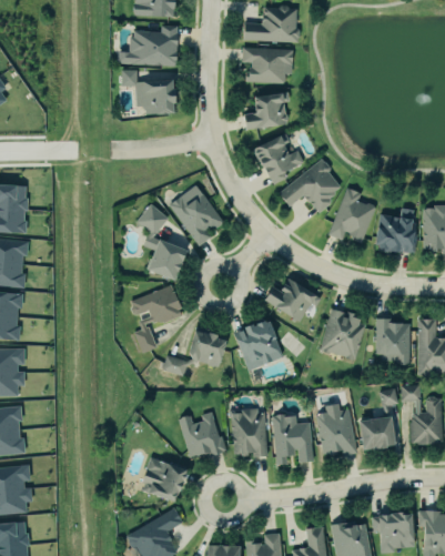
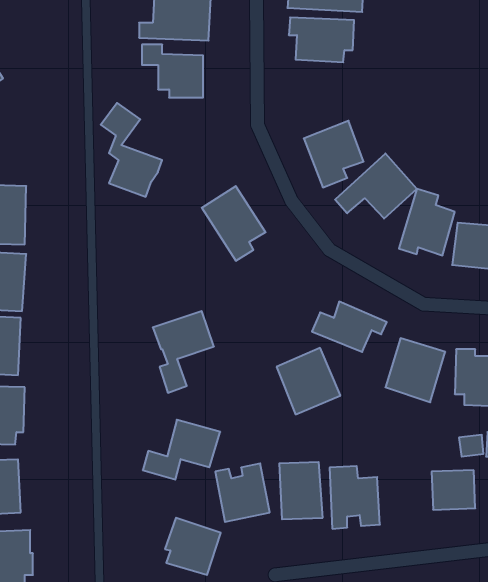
building: [241,92,290,129] -> none
building: [136,204,186,281] -> [101,103,162,197]
building: [163,328,226,377] -> [143,420,220,480]
building: [316,404,356,458] -> none

